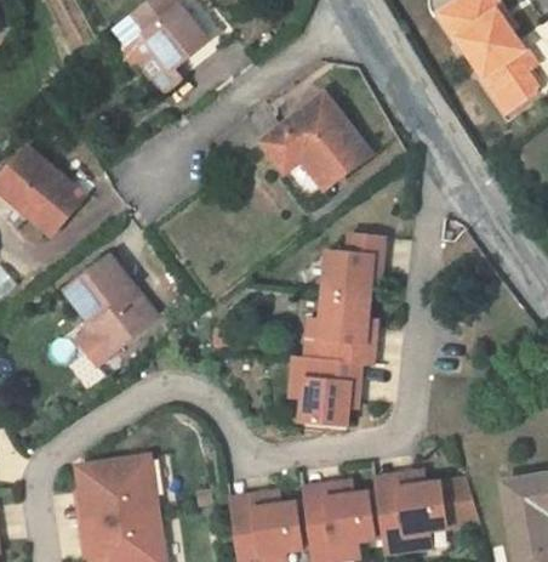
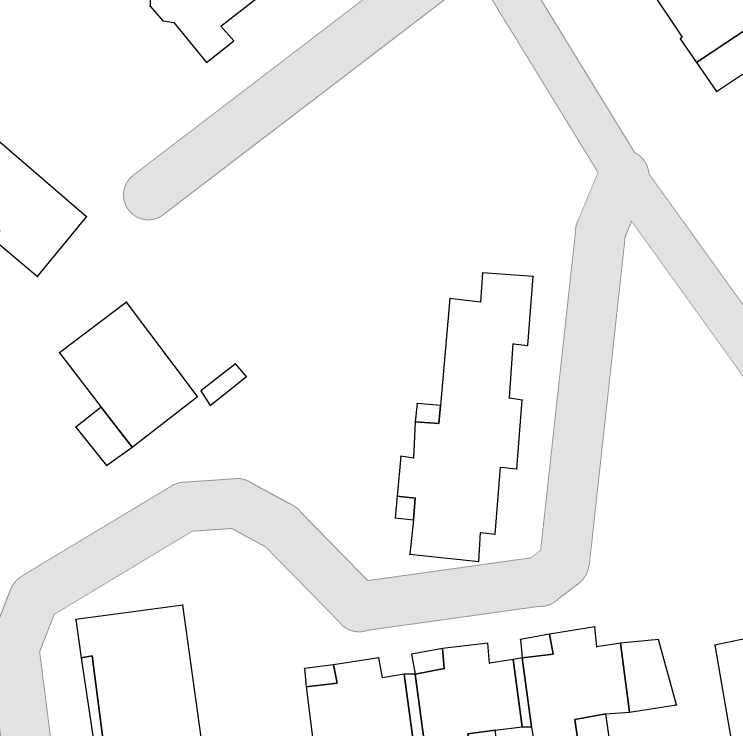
building: [262,95,370,201] -> none

